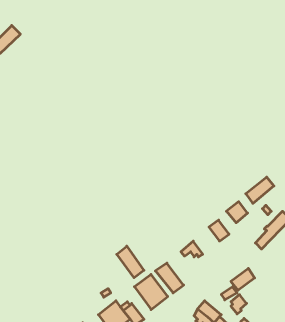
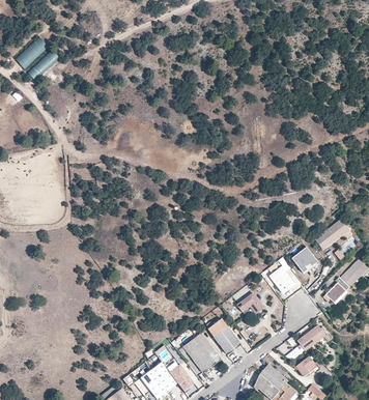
building: [117,246,144,278] -> none

